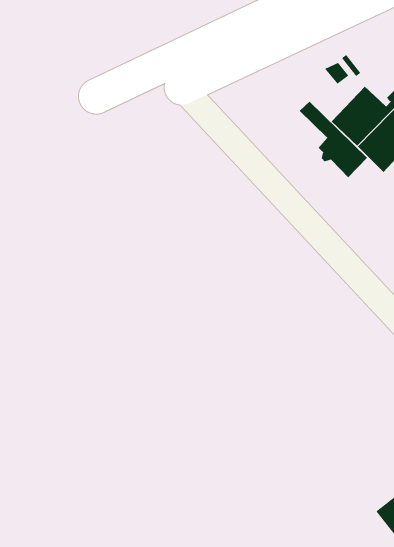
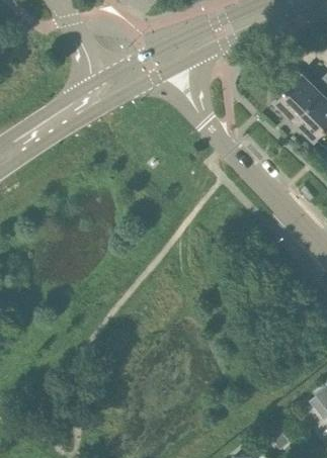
building: [299,101,368,178] -> none

